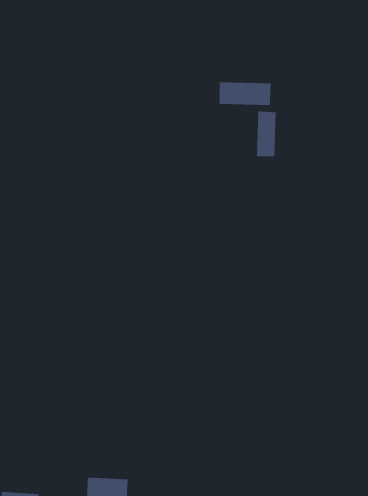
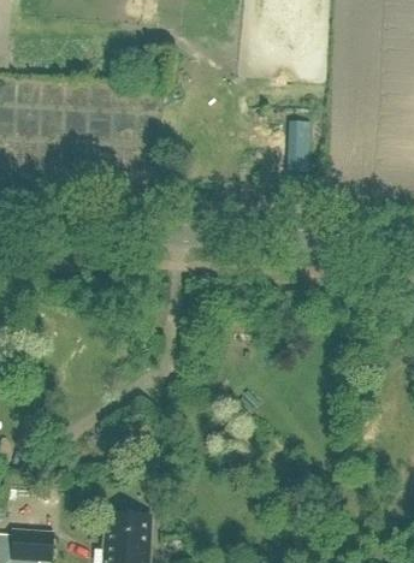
building: [219,82,271,106] -> none

